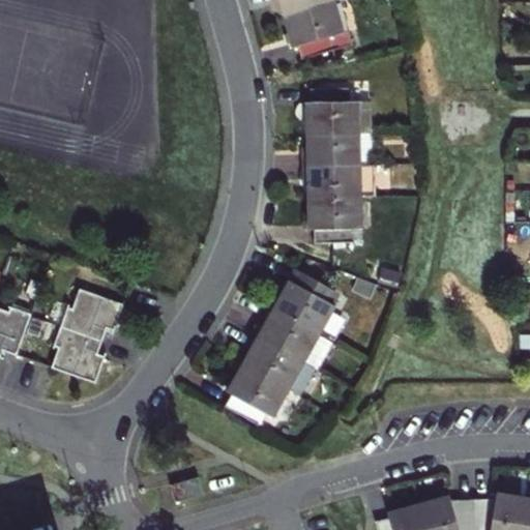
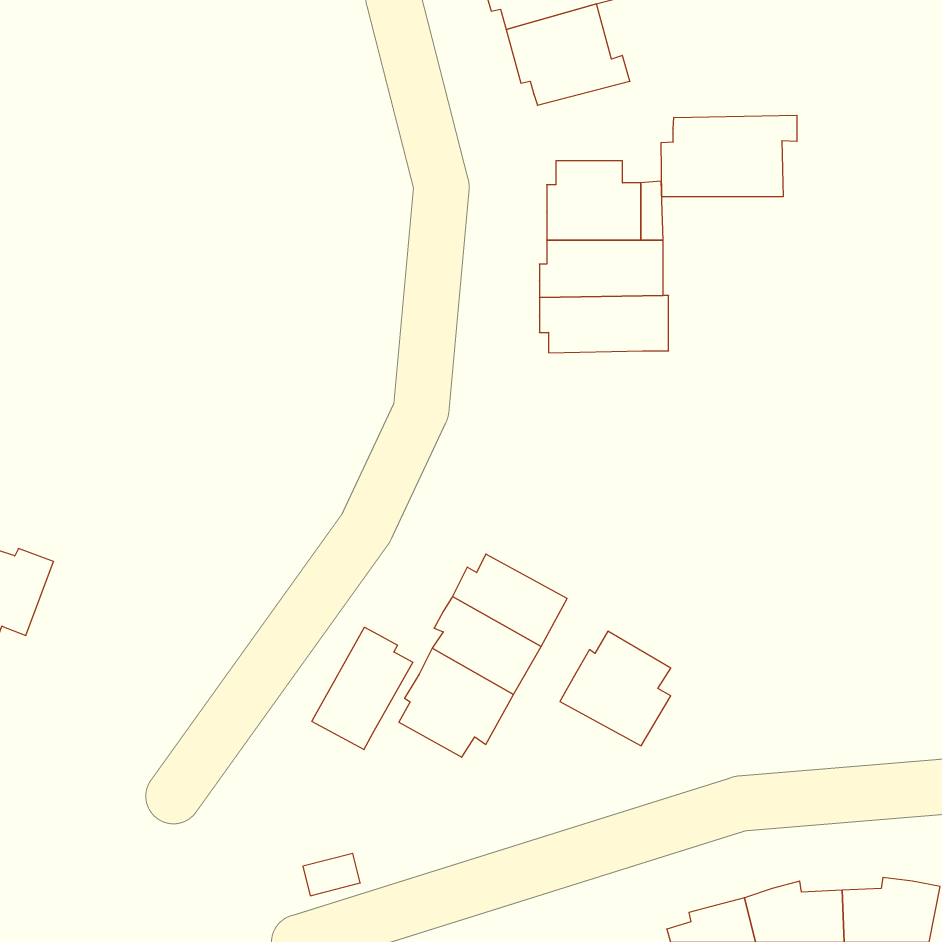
building: none -> [661,115,797,197]
building: [307,197,360,243] -> none
building: [272,271,334,335] -> [560,631,671,746]
building: [49,291,122,385] -> none
building: none -> [312,627,413,750]

